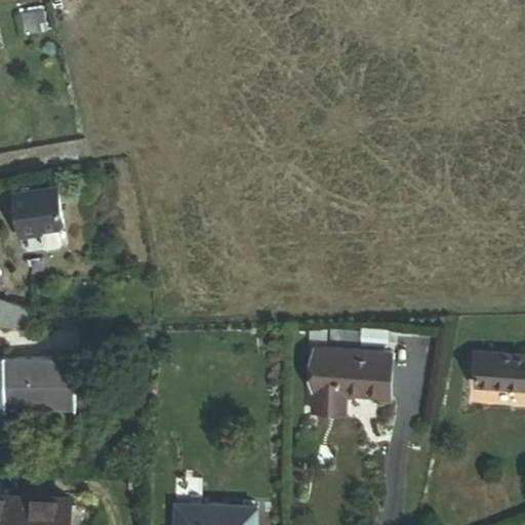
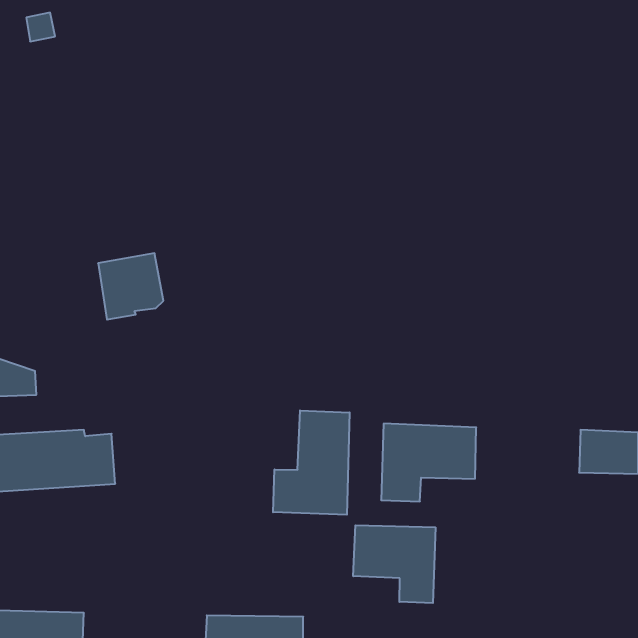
building: [10,187,64,241] -> [98,253,163,320]
building: none -> [273,410,350,515]
building: none -> [353,525,435,603]

